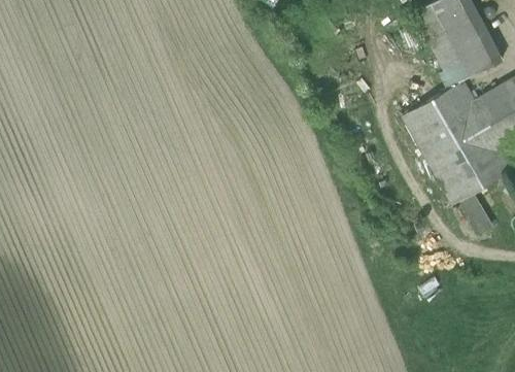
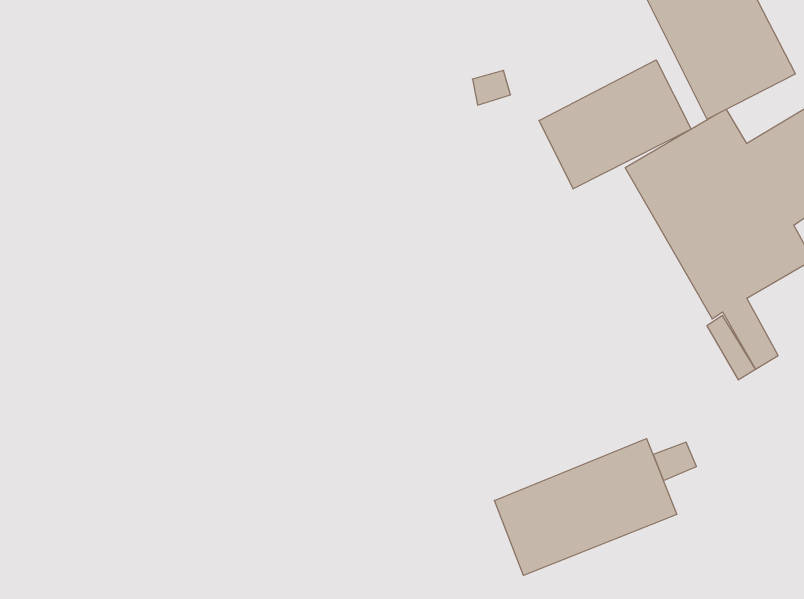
building: none -> [539,60,691,189]
building: none -> [494,439,677,575]

